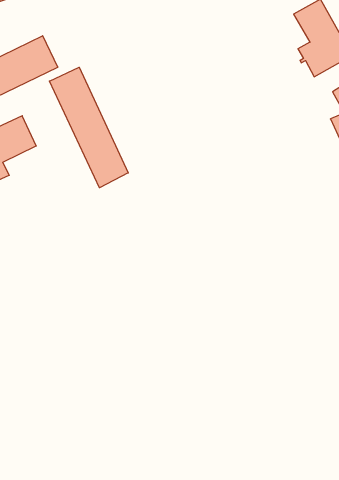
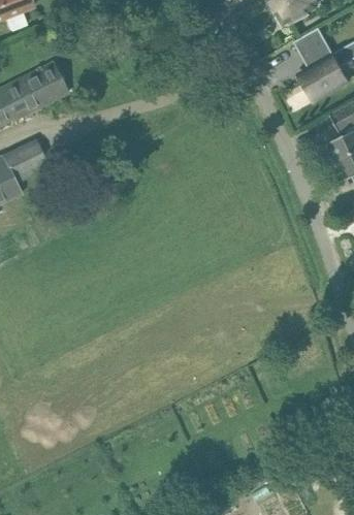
building: [49,67,128,188] -> none

